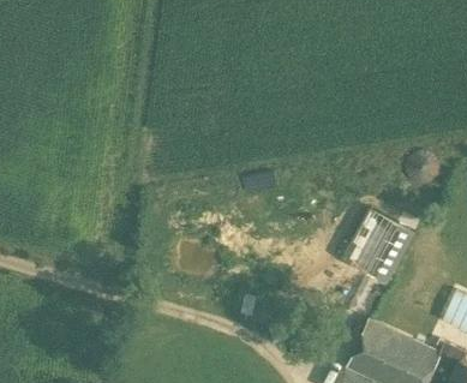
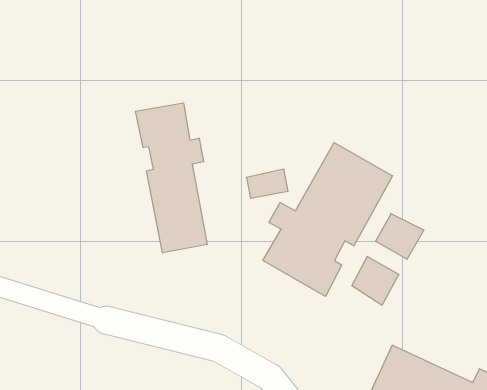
building: none -> [135,103,207,253]
building: none -> [263,143,393,296]

